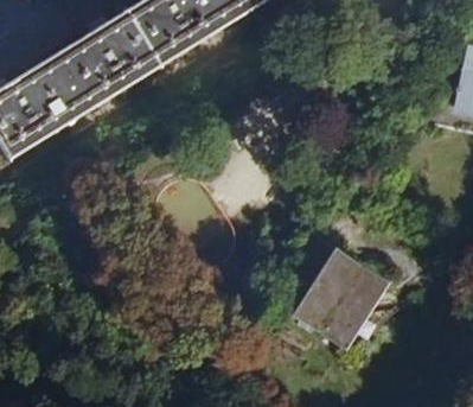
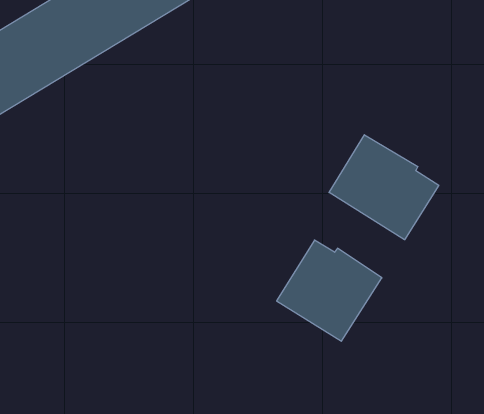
building: none -> [329,135,439,240]

